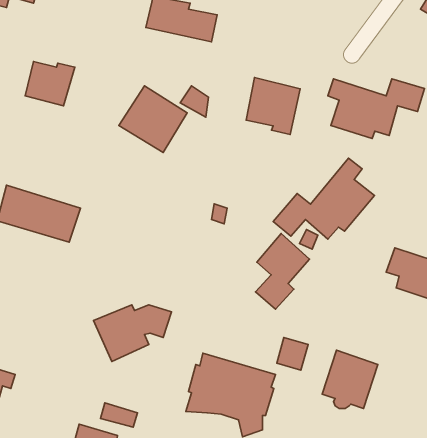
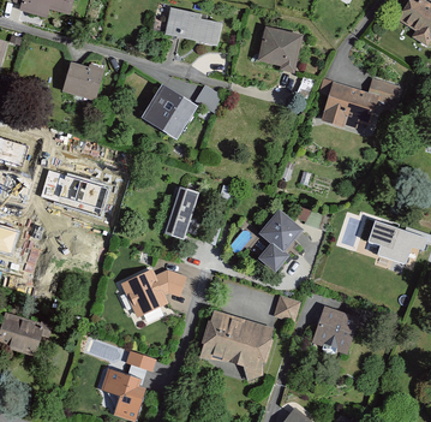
building: [246,78,300,134] -> [257,24,303,72]
building: [273,158,375,239] -> none
building: none -> [164,185,198,238]

